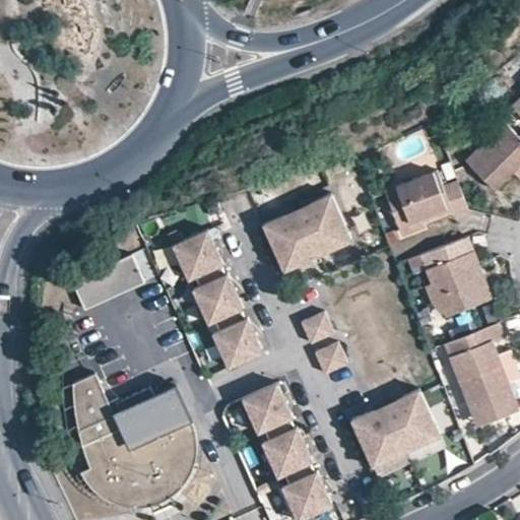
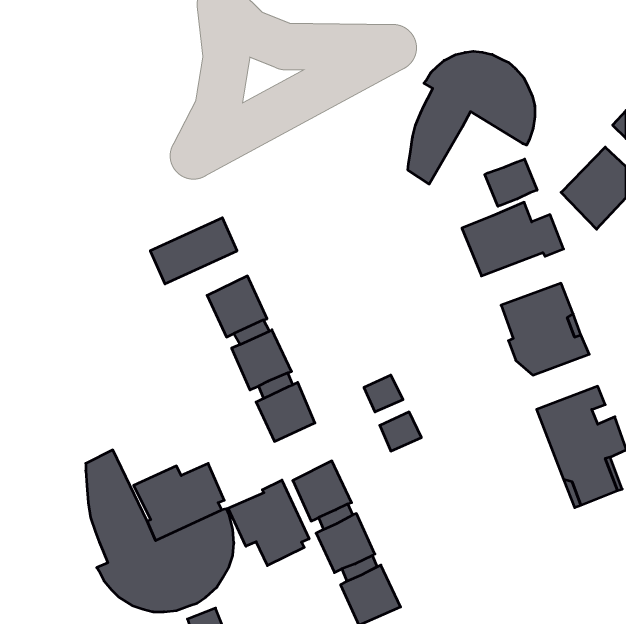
building: none -> [408,51,535,184]
building: none -> [485,159,537,206]
building: [262,195,351,273] -> none
building: [71,257,143,312] -> [150,218,237,284]
building: [352,389,440,465] -> none
building: none -> [228,480,309,566]

